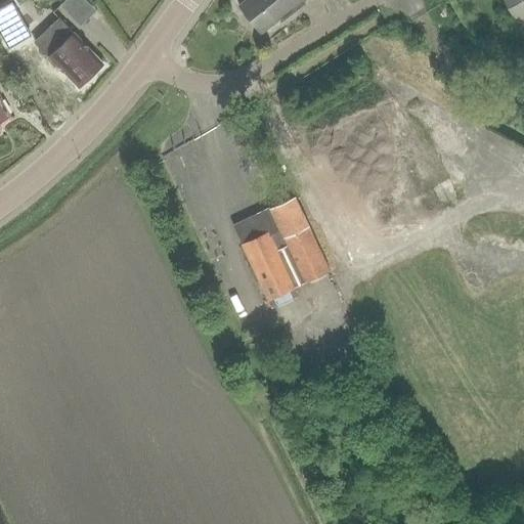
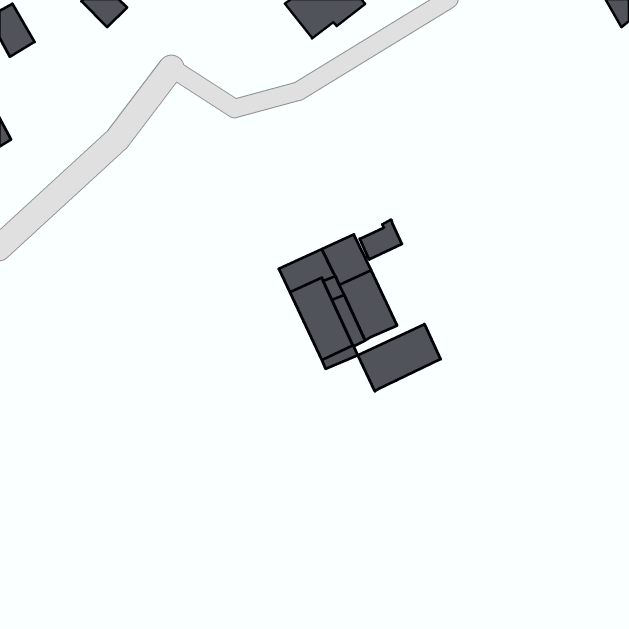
building: [33,17,100,86] -> none
building: none -> [360,220,402,260]
building: none -> [358,324,441,391]

